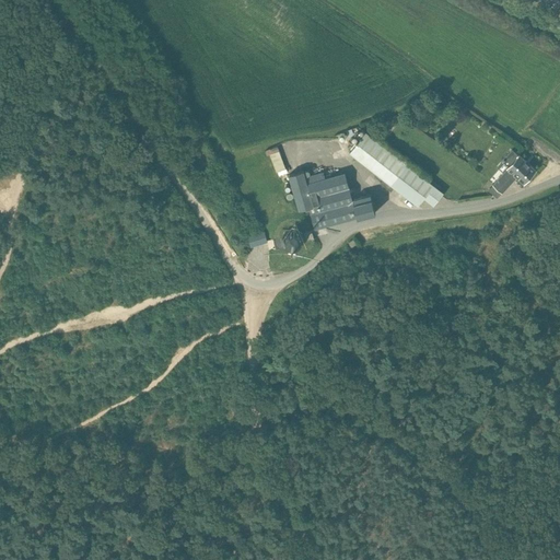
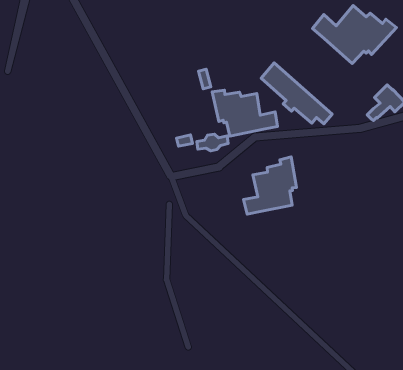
building: none -> [312,5,396,64]
building: none -> [244,157,296,214]

